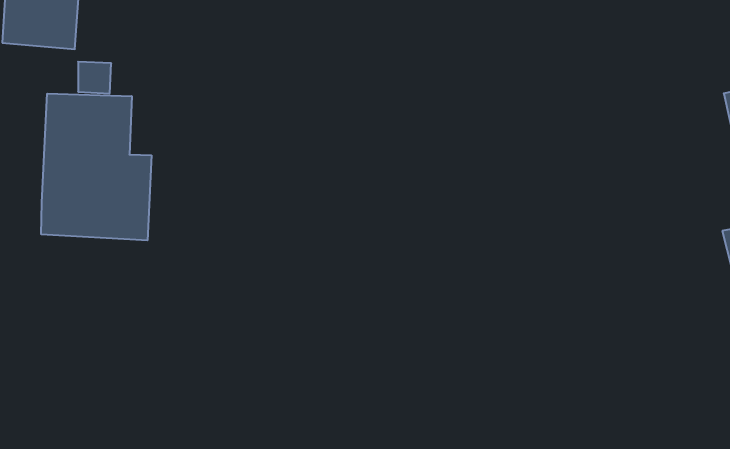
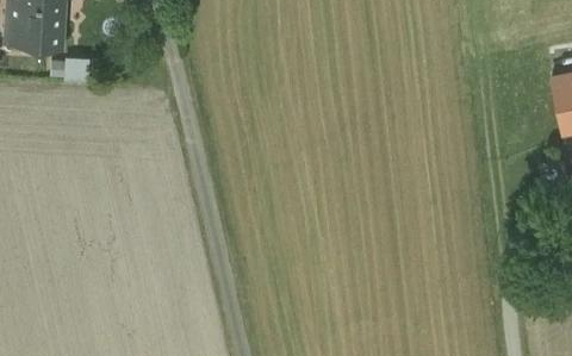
building: [41,94,151,240] -> none

